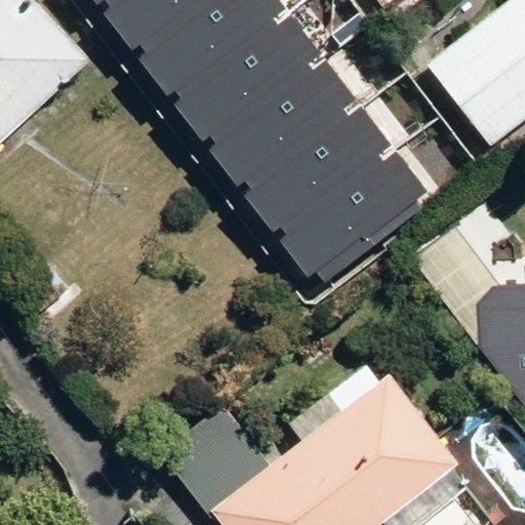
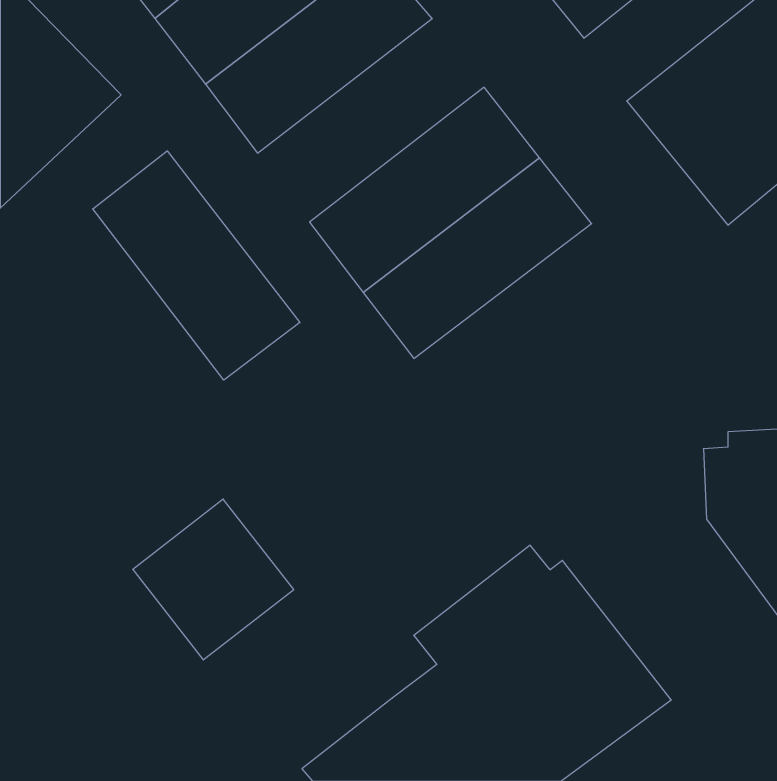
building: [176,12,328,149] -> none
building: none -> [93,151,300,380]
building: [281,150,436,288] -> none
building: [159,407,267,515] -> [133,499,294,660]

